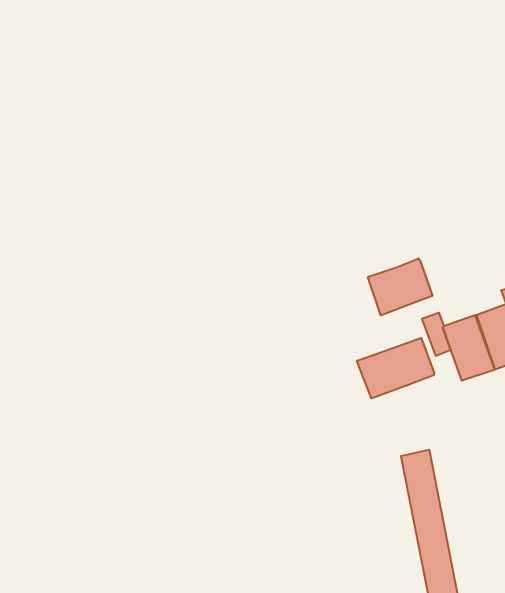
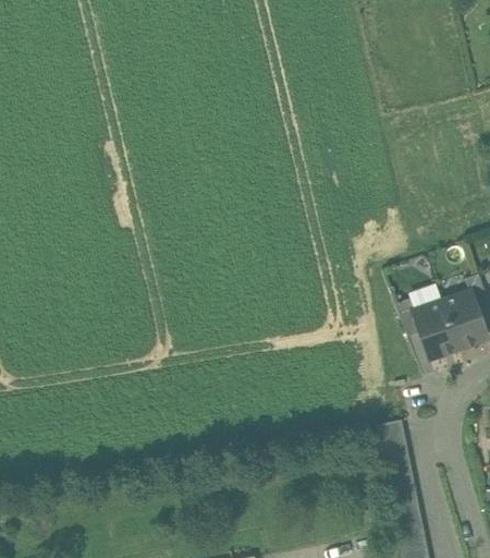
building: [368,258,432,315] -> none
building: [357,338,434,398] -> none

